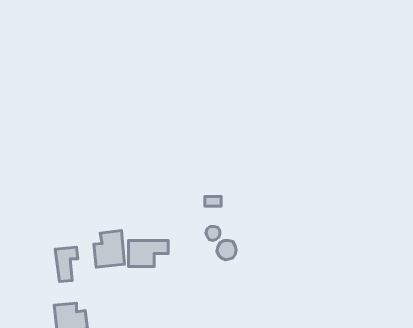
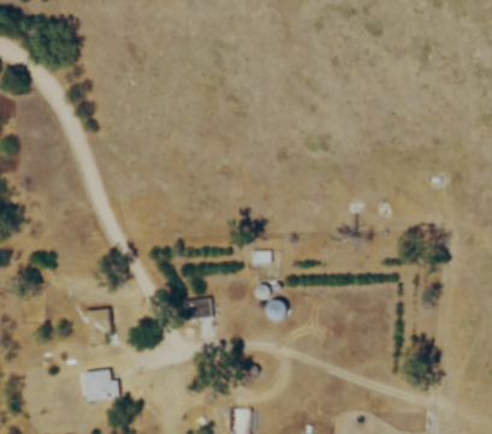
building: [94,231,125,267] -> none

